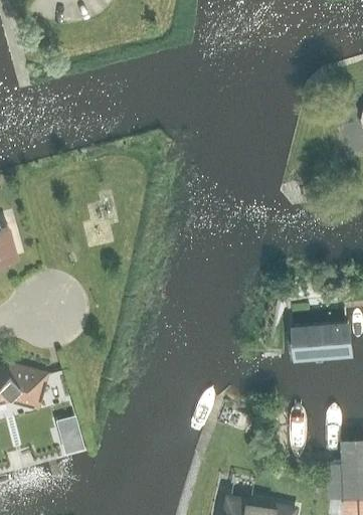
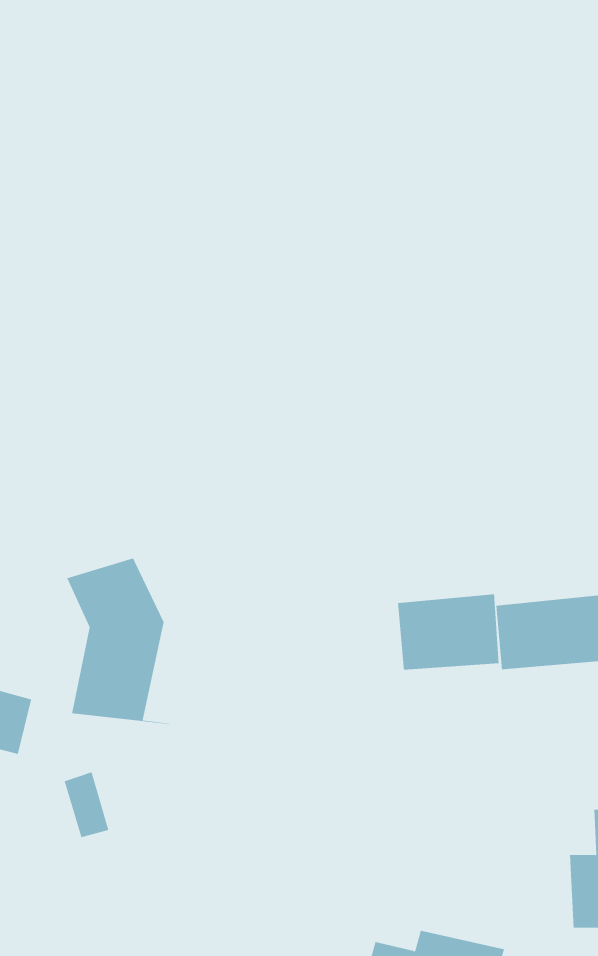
building: none -> [66,536,170,725]
building: none -> [398,593,499,671]

